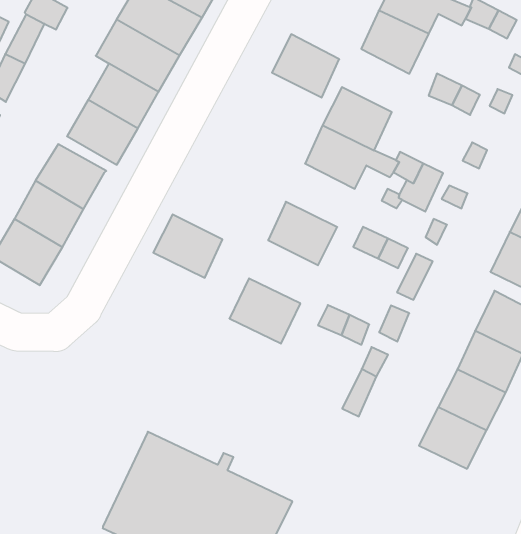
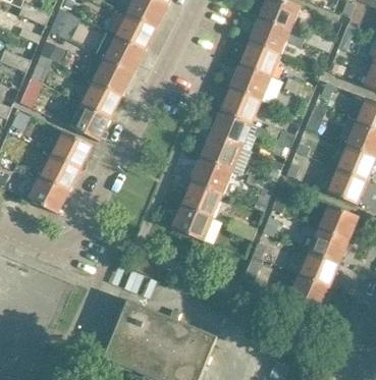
building: [272,34,339,98] -> [230,63,270,100]
building: none -> [201,133,241,170]
building: [153,214,222,278] -> [181,180,222,217]

